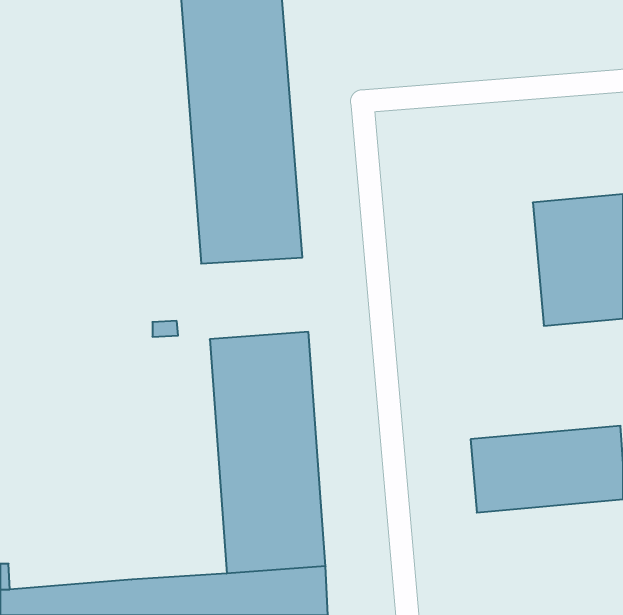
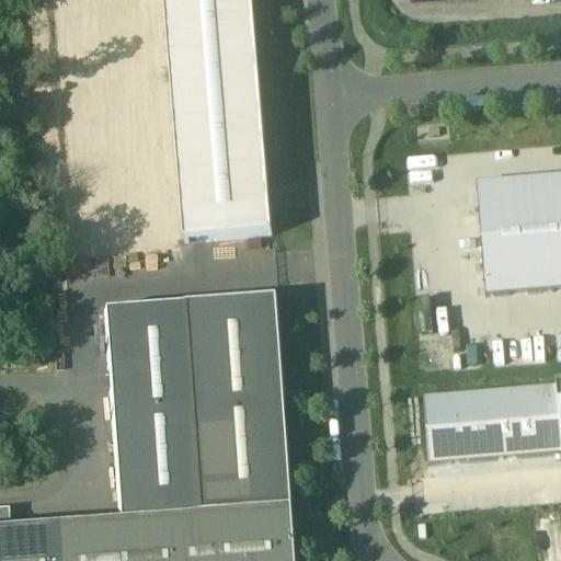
building: none -> [103,305,204,520]

